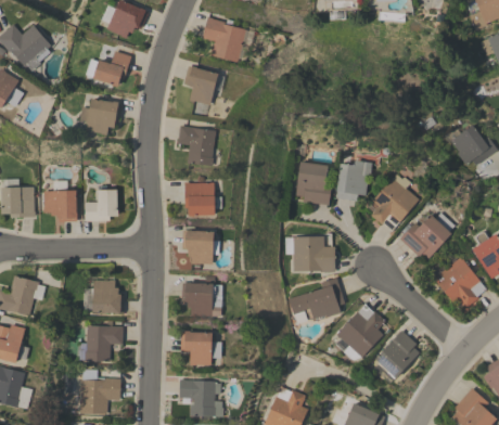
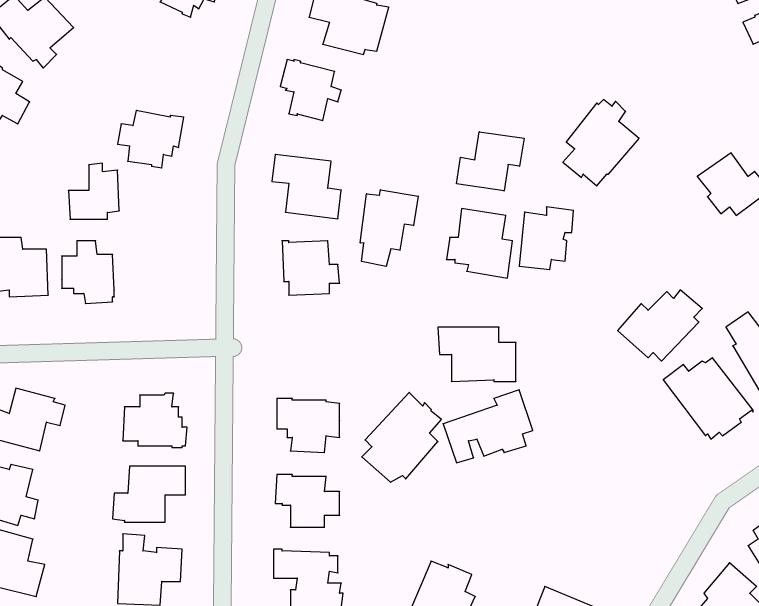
building: [93,50,131,86] -> none
building: none -> [457,132,524,191]
building: none -> [360,190,418,266]
building: [370,175,419,230] -> [563,100,639,186]
building: [85,184,117,220] -> [68,163,119,219]
building: [181,229,214,265] -> none
building: [334,302,385,360] -> [362,392,441,482]
building: [373,330,419,383] -> none

